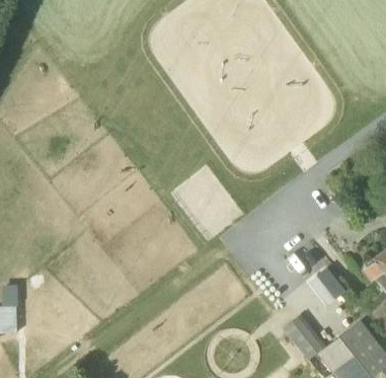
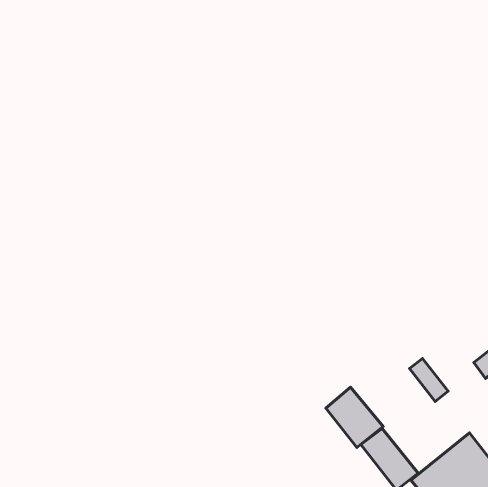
building: none -> [326,387,383,448]

